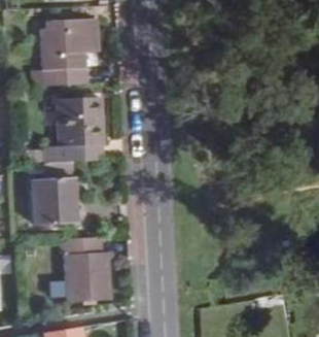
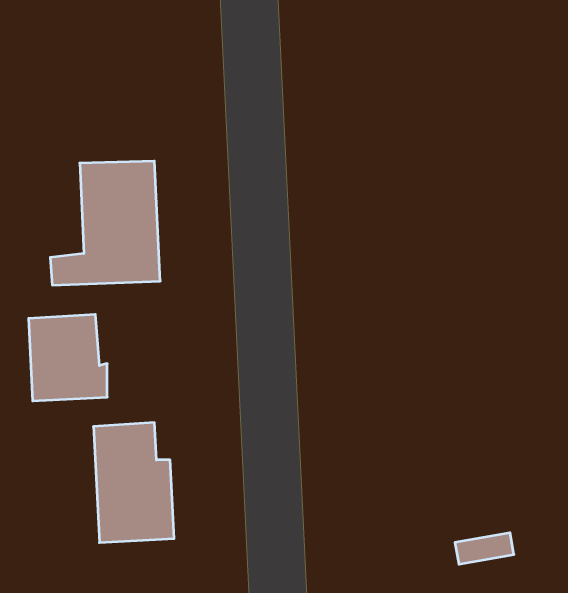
building: [32,19,98,87] -> none

